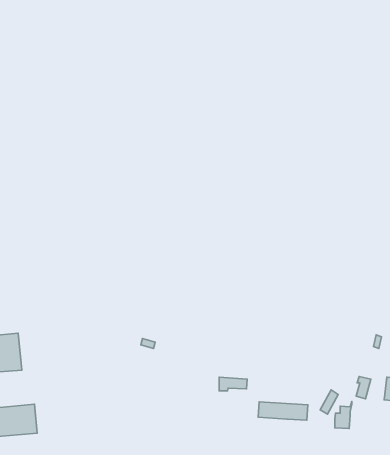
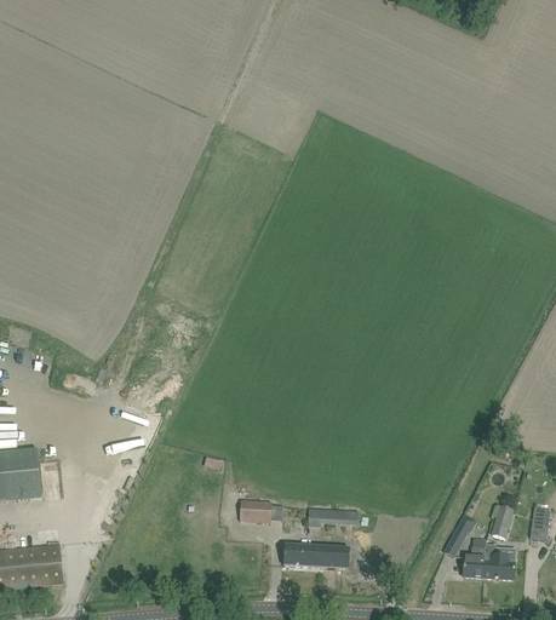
building: none -> [240,500,273,522]
building: [258,402,308,420] -> [283,544,350,568]
building: none -> [483,544,515,579]

